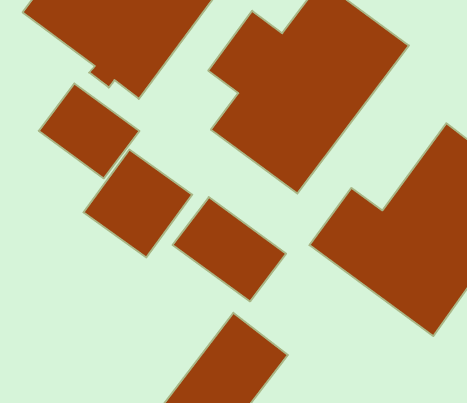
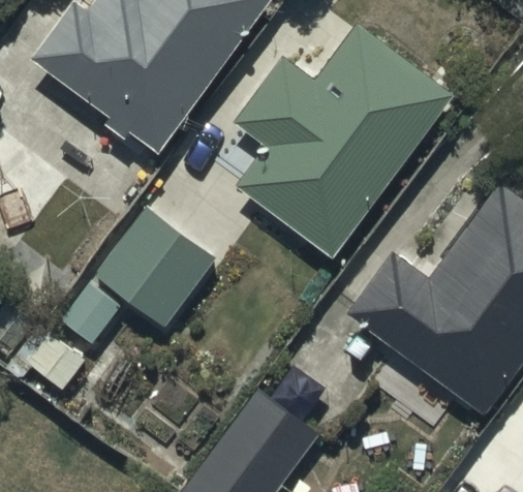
building: [39,83,139,178] -> none
building: [173,197,286,301] -> none

